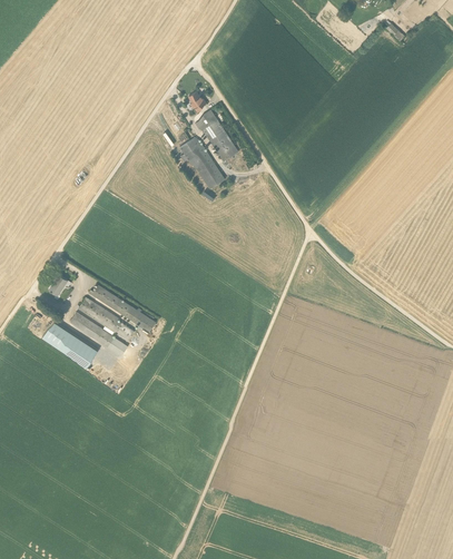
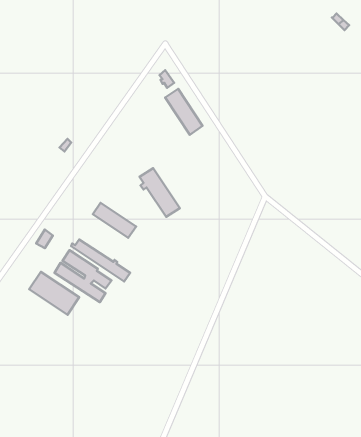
building: [179,135,225,190] -> [140,168,180,217]
building: none -> [93,203,136,238]

